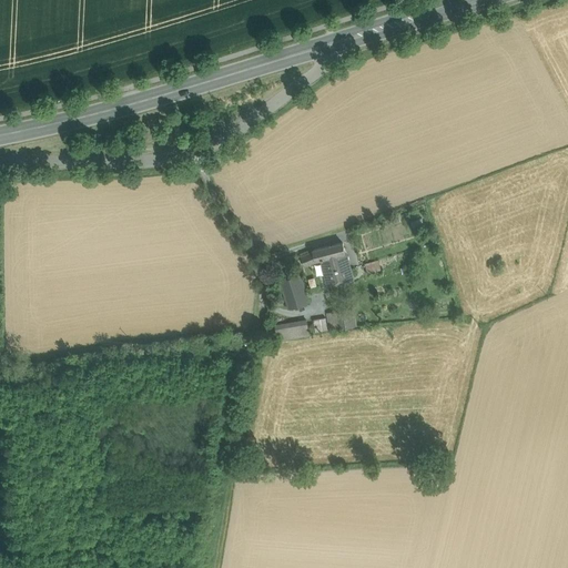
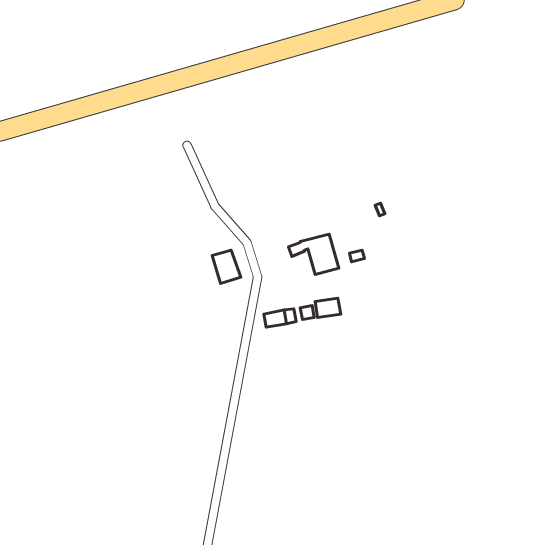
building: [278,275,308,310] -> [212,250,241,283]

